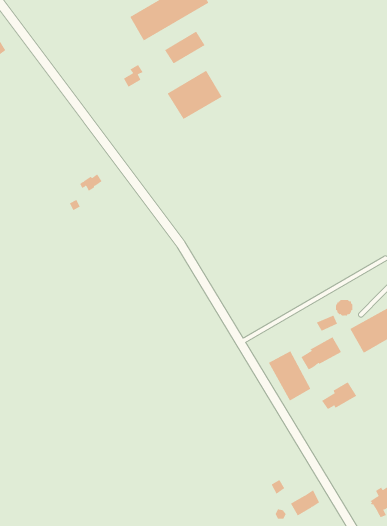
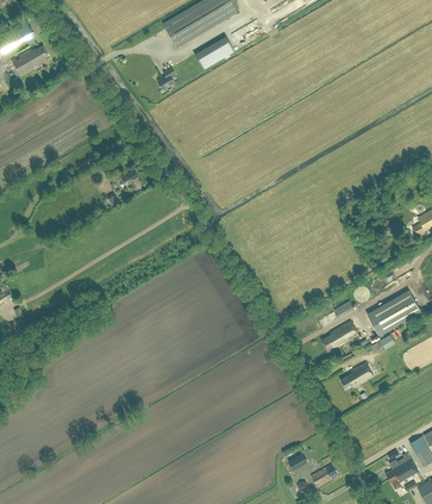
building: [167,70,222,120] -> none
building: [268,351,311,402] -> none

